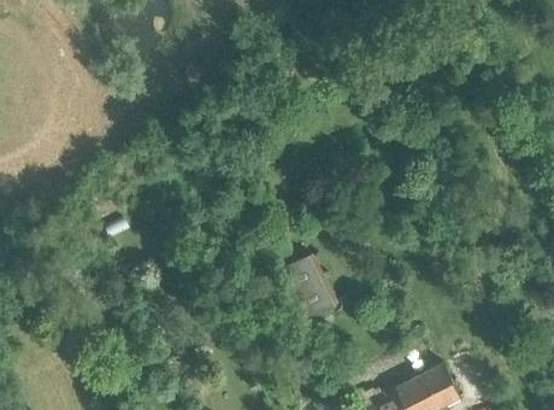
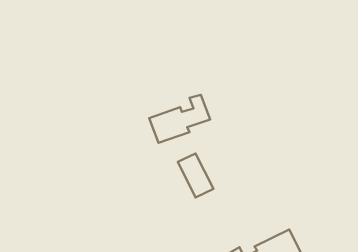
building: none -> [149,95,210,143]

